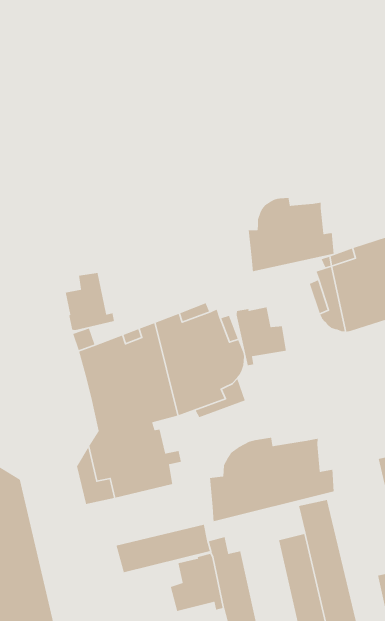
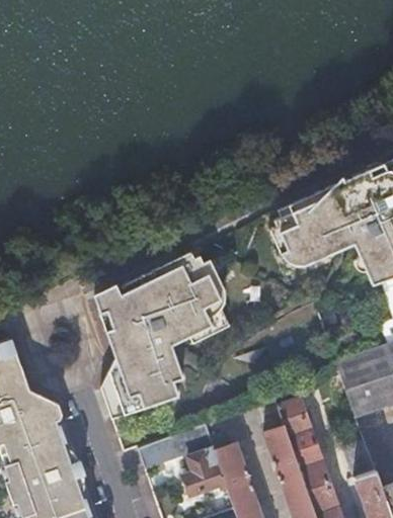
building: [248,197,334,272] -> none
building: [65,272,115,331] -> none
building: [236,307,287,366] -> none
building: [209,437,334,522] -> none

